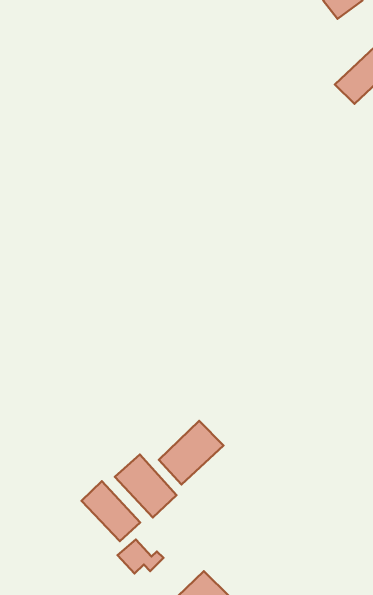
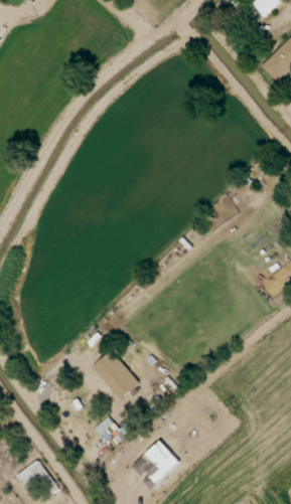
building: [159,421,223,484] -> none
building: [82,481,140,541] -> none

